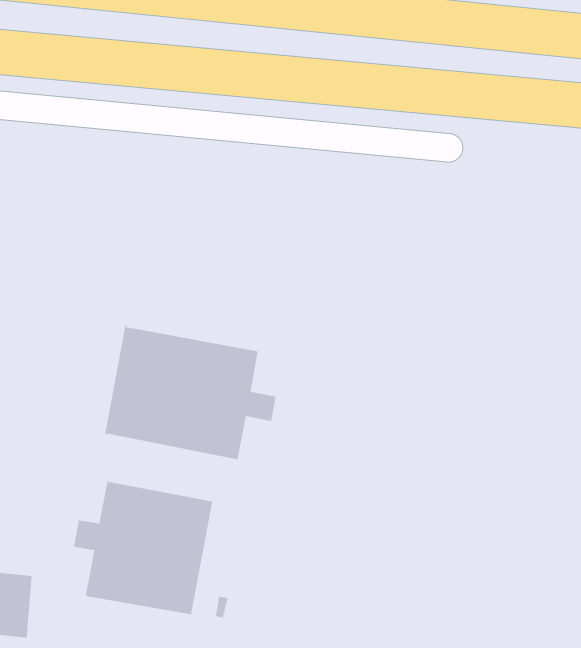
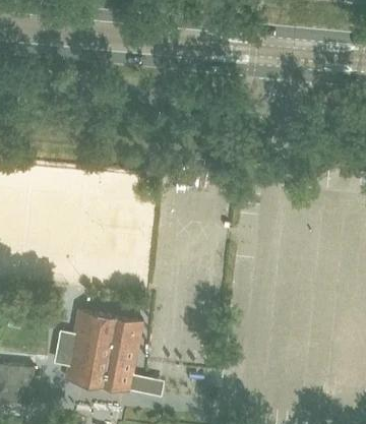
building: [104,324,276,460] -> none

